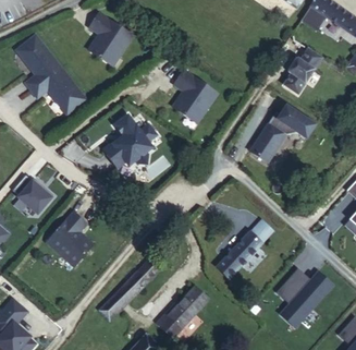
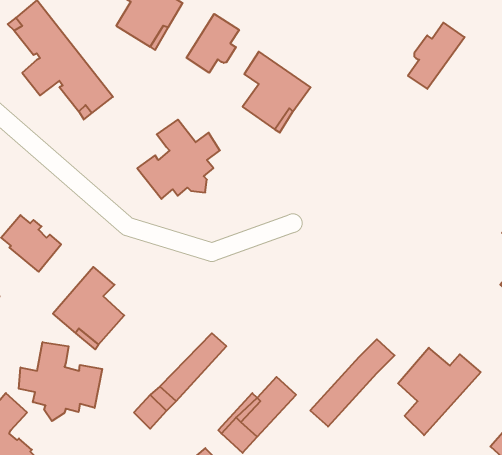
building: none -> [187,14,239,73]
building: [249,105,316,161] -> none
building: [217,220,273,279] -> [310,339,395,427]
building: none -> [19,342,102,421]

